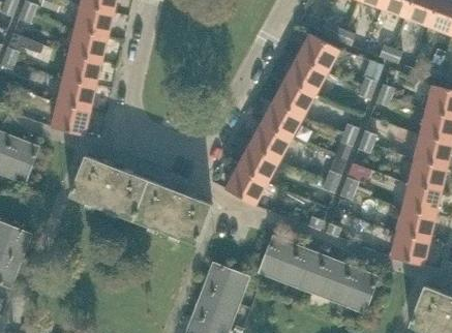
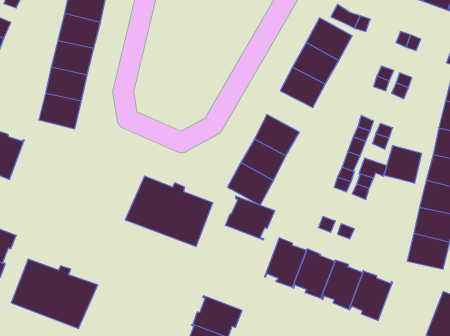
building: [261,100,303,139] -> none
building: none -> [384,146,422,183]
building: [68,155,148,219] -> [11,259,98,329]
building: [203,263,248,303] -> [225,196,275,240]

